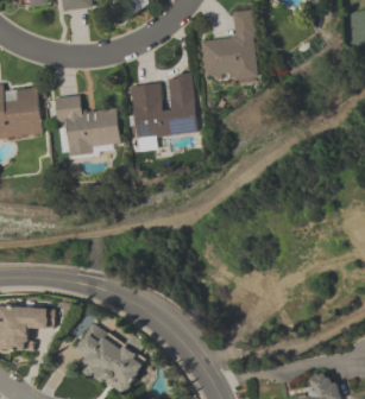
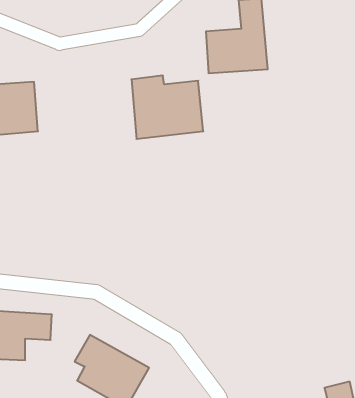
building: [55,96,120,156] -> none

